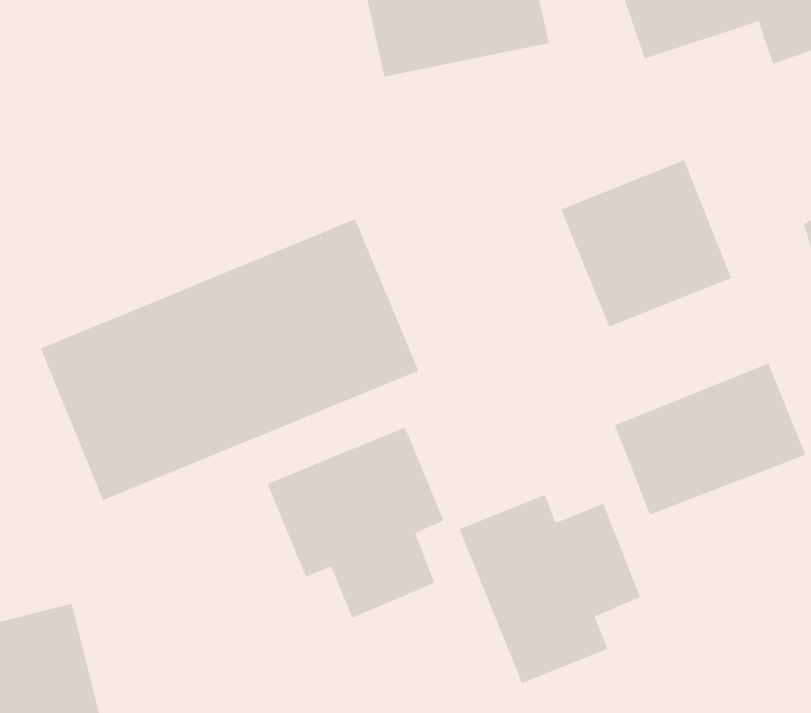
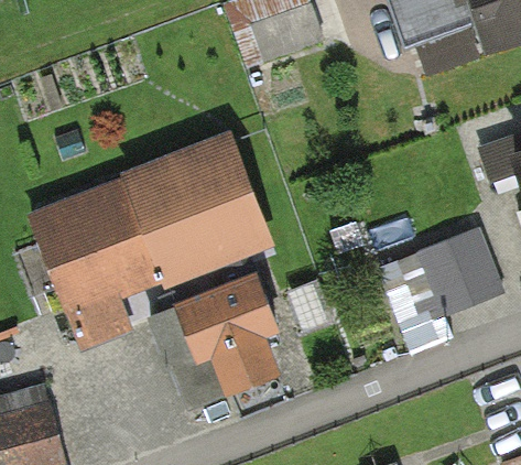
building: [560,159,732,327] -> none
building: [458,494,641,684] -> none

